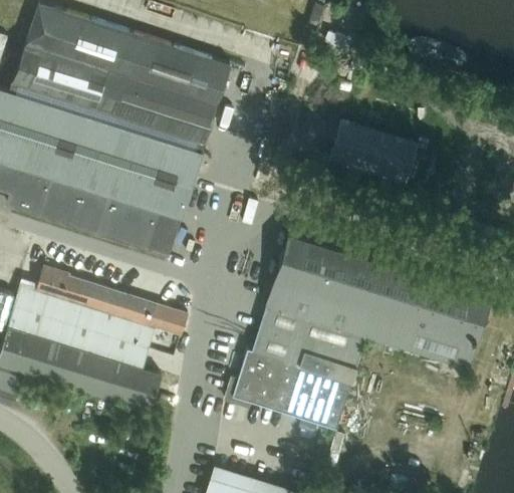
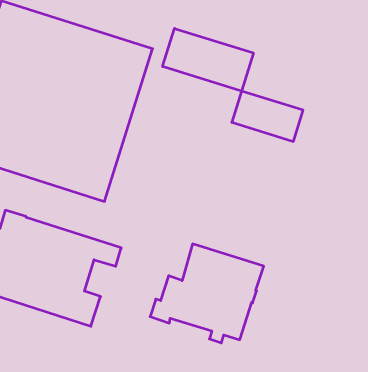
building: none -> [163,28,253,91]
building: [266,234,490,368] -> none

